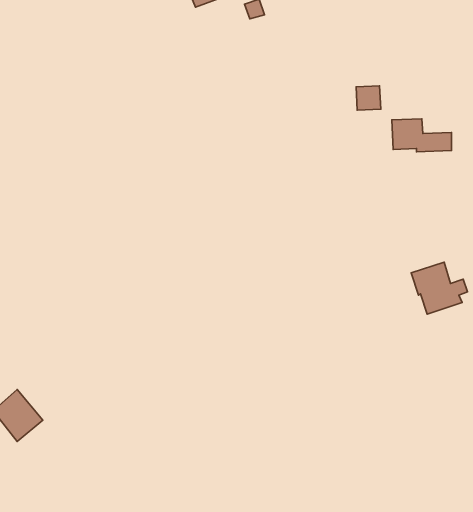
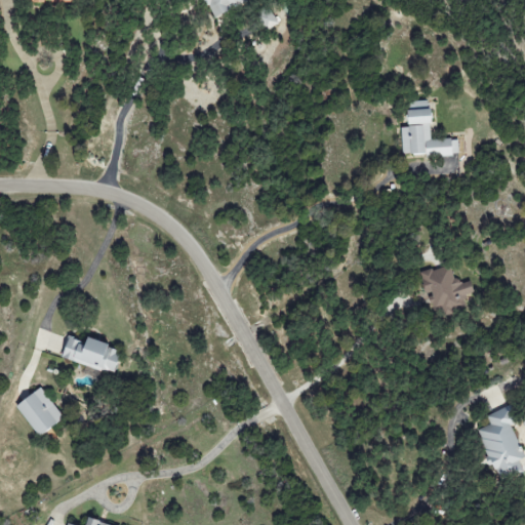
building: [356,86,381,110] -> [407,100,431,124]
building: none -> [60,335,121,374]

